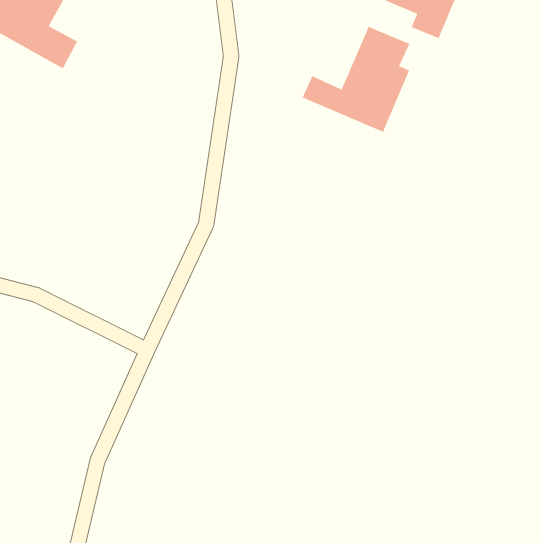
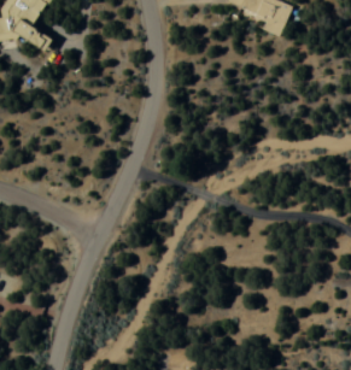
building: [302,26,410,133] -> none

